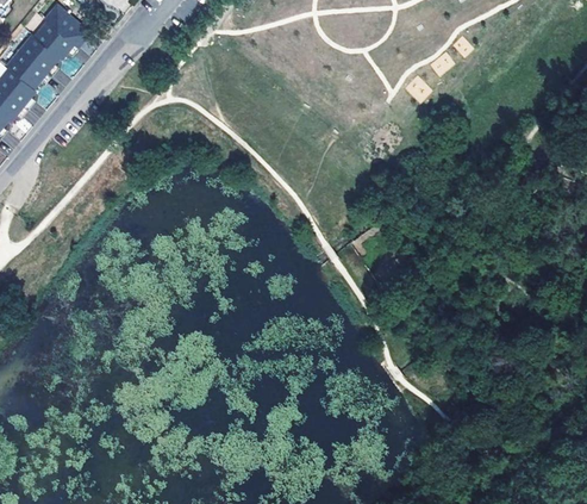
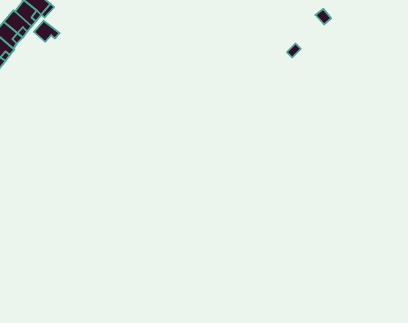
building: none -> [34,21,60,42]

